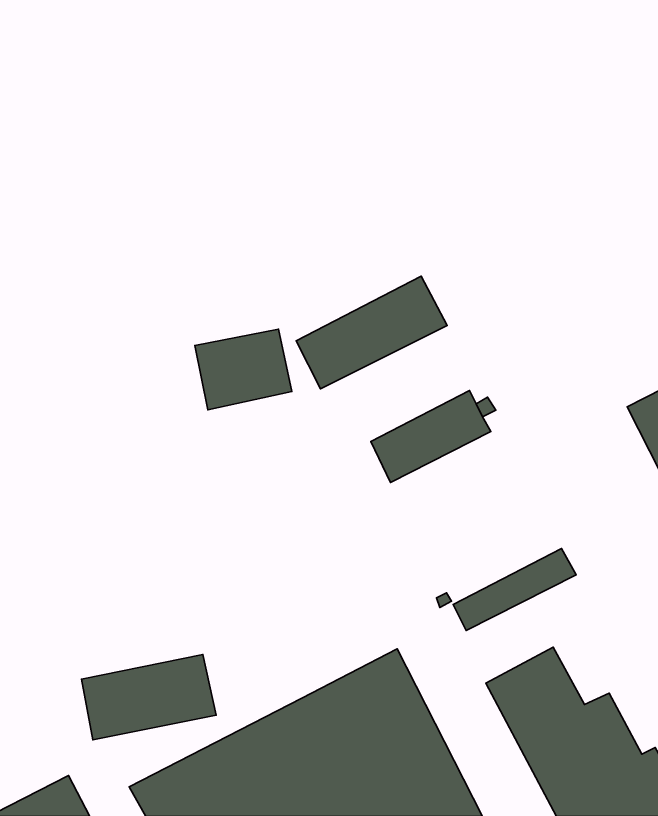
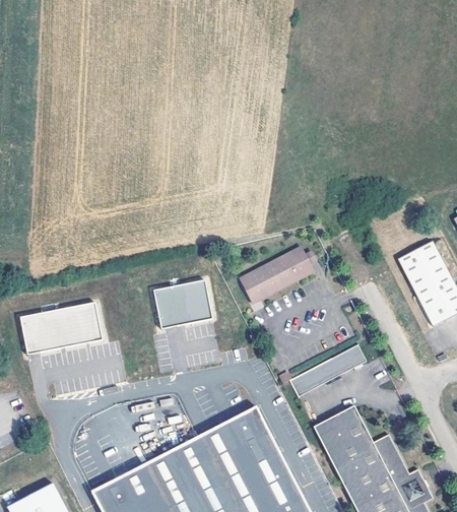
building: [296,276,447,389] -> none
building: [195,329,292,410] -> [151,280,211,330]
building: [81,654,216,740] -> [18,304,102,357]

